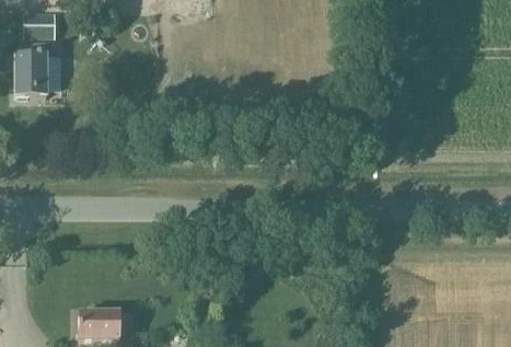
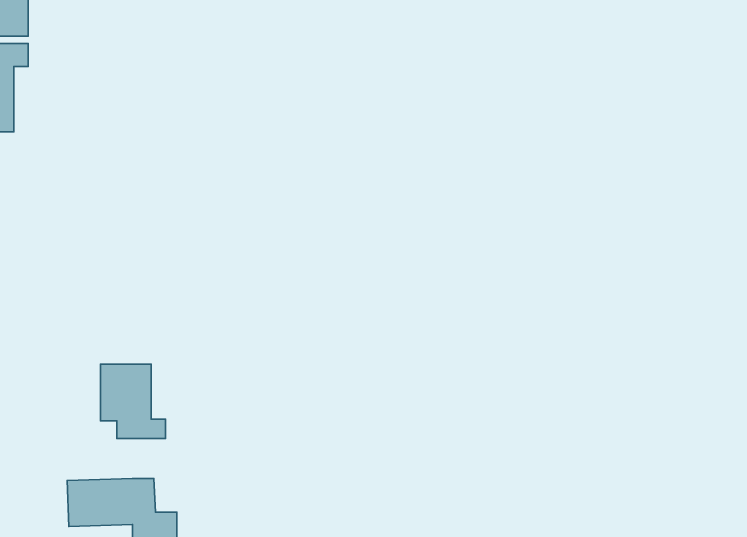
building: none -> [100,364,166,439]

